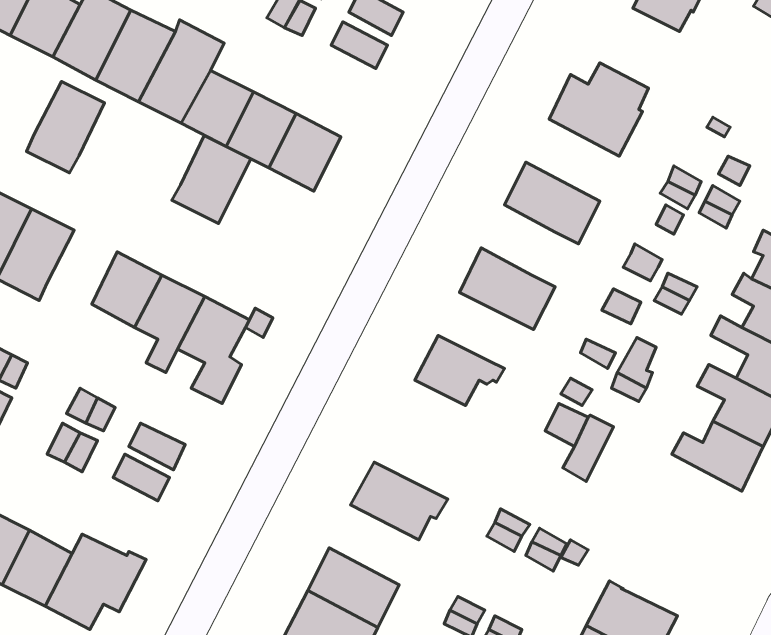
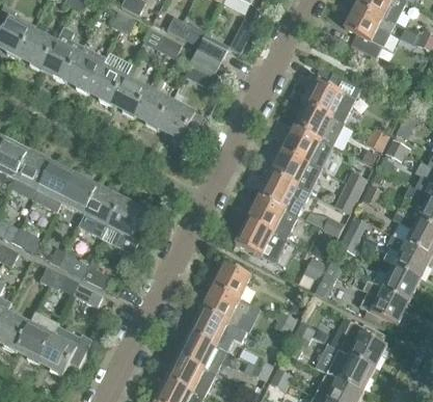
building: [27,81,104,173] -> [34,162,76,211]
building: none -> [294,103,346,146]
building: [172,135,251,224] -> none
building: none -> [270,149,309,186]
building: none -> [247,195,298,238]
building: none -> [213,262,251,299]
building: none -> [359,279,409,325]
building: none -> [189,309,239,351]
building: none -> [339,320,386,368]

